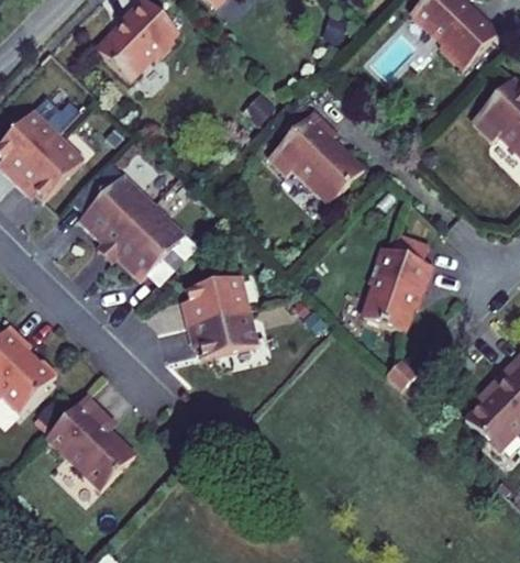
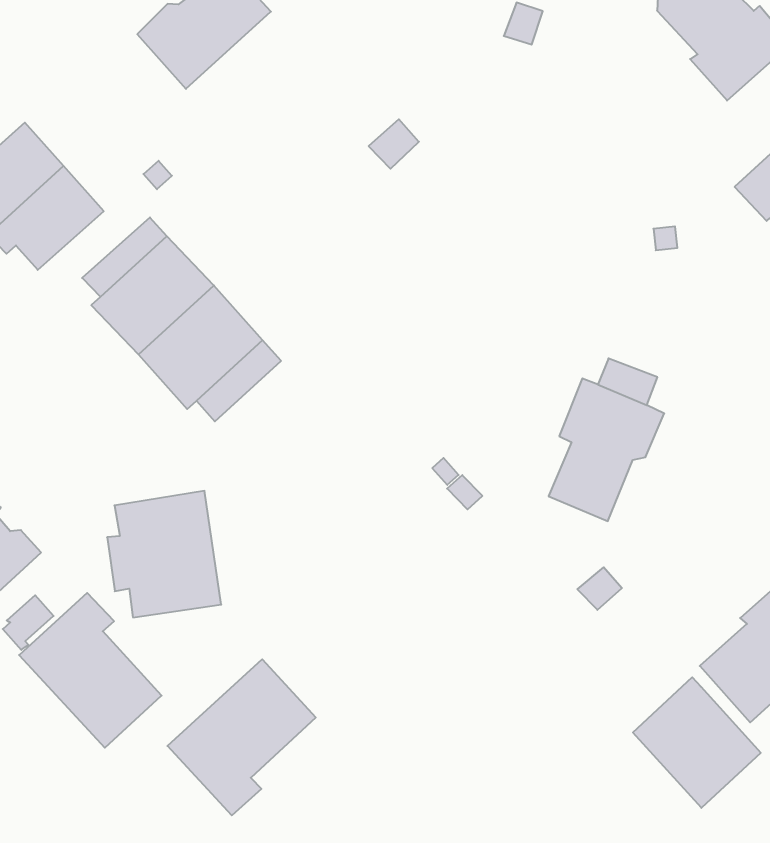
building: [266,112,364,205] -> none
building: [185,276,257,356] -> [107,491,221,617]
building: none -> [633,677,761,808]
building: none -> [167,659,316,815]

